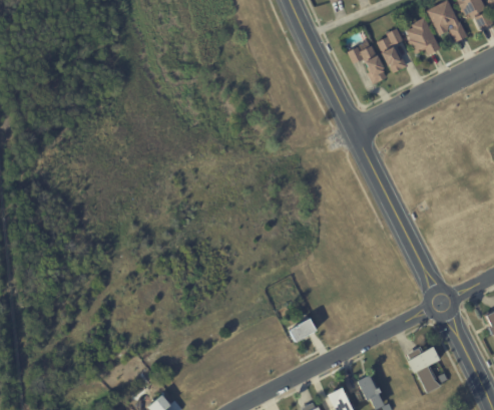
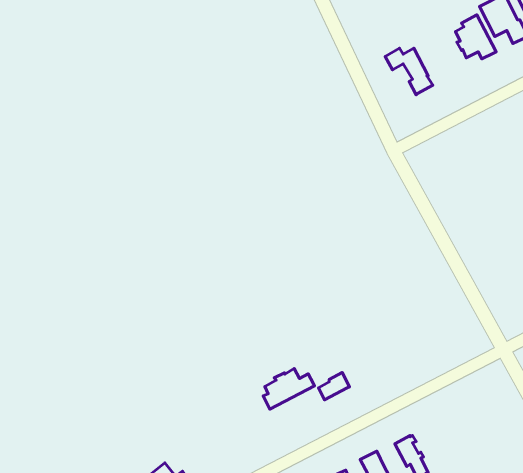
building: [378,29,408,74] -> none
building: none -> [263,369,315,409]
building: [408,346,442,393] -> none

